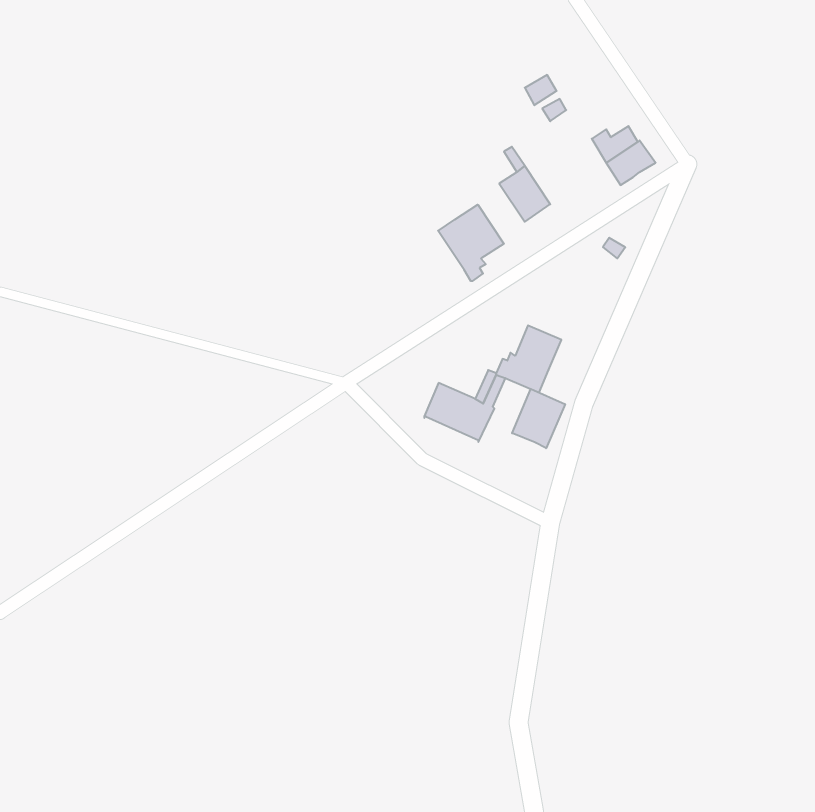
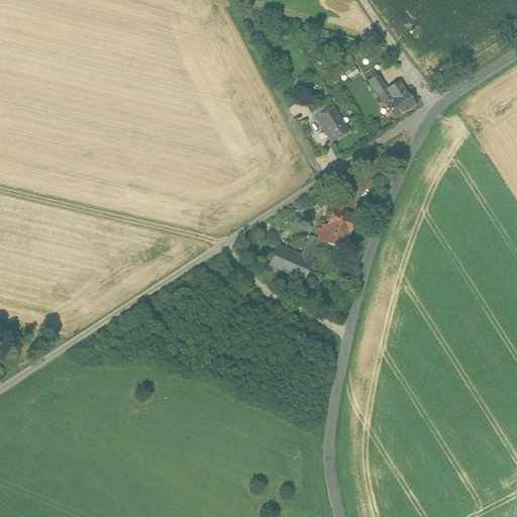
building: [438,205,504,281] -> none
building: [512,389,565,448] -> none

